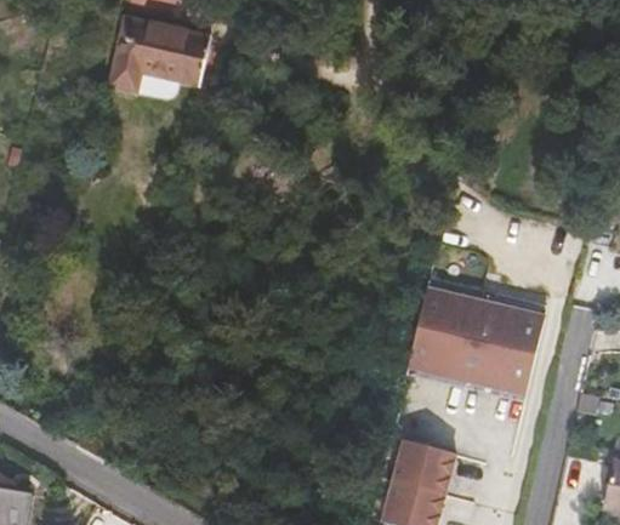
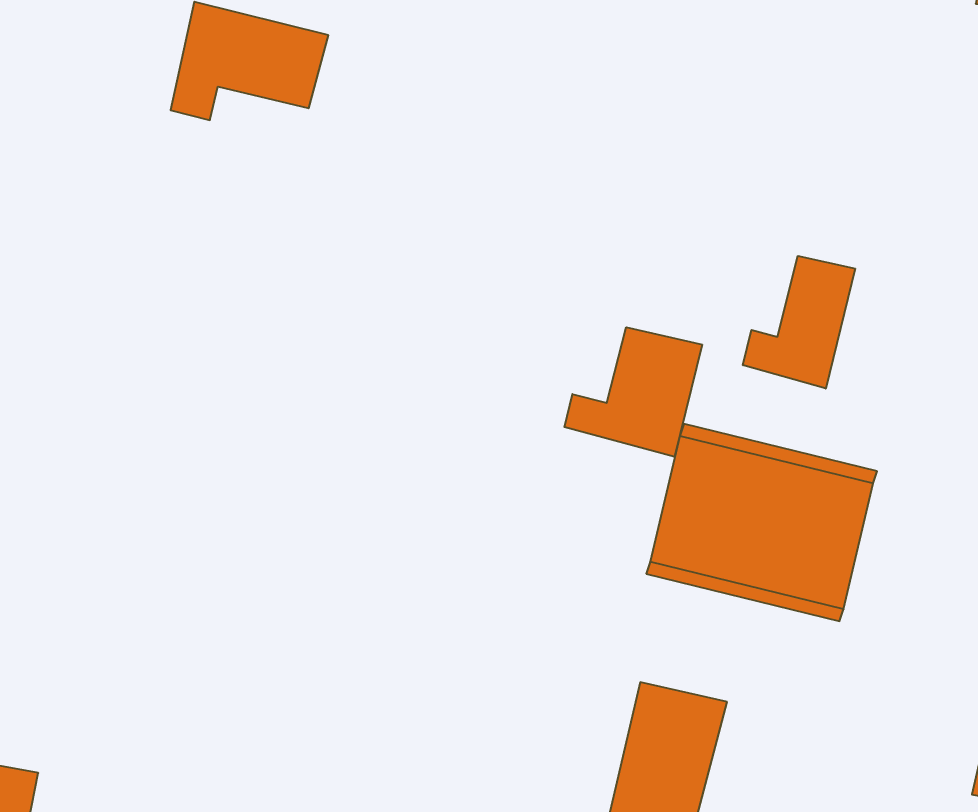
building: none -> [743,256,855,389]
building: none -> [564,327,702,457]

